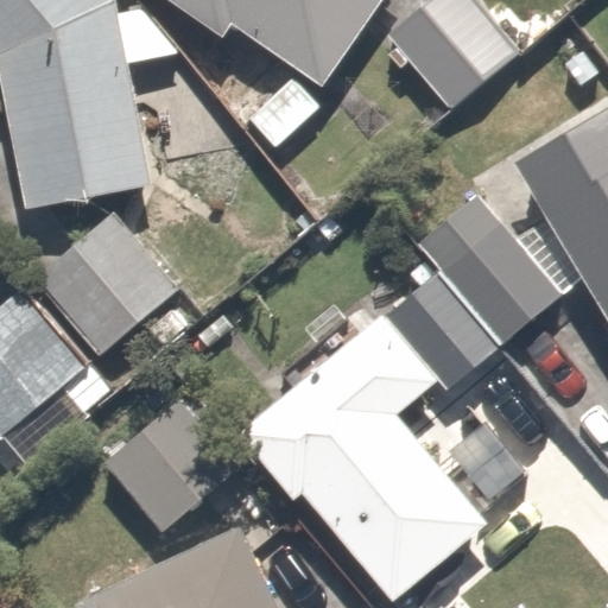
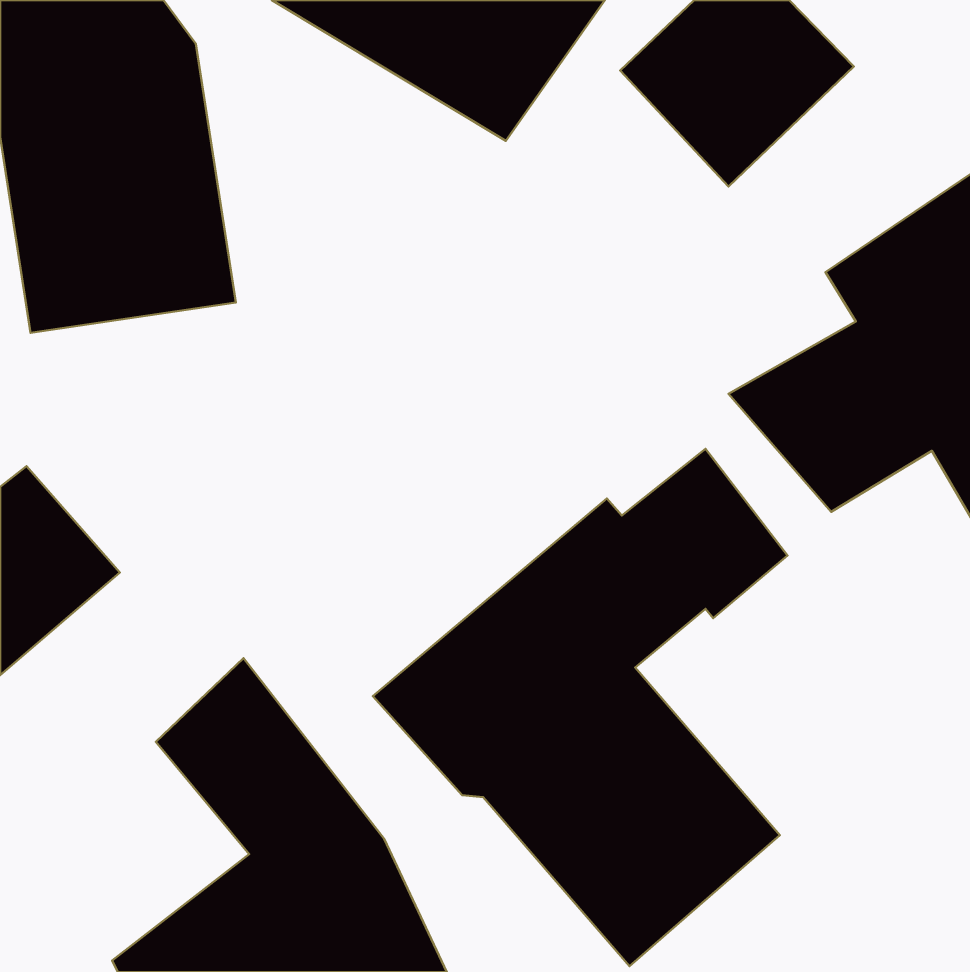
building: [48,227,175,353] -> none

